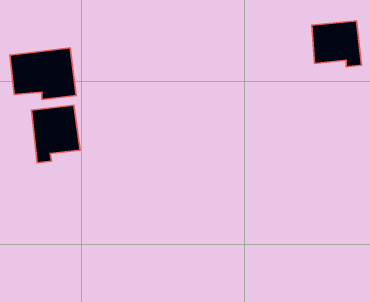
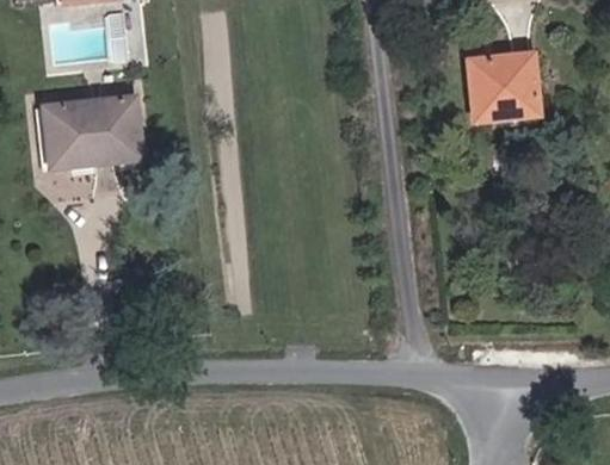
building: [32,105,80,163] -> none

